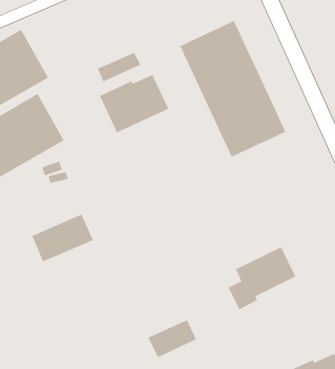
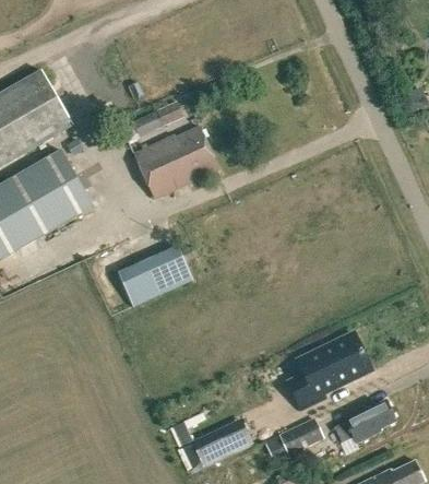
building: [180,20,286,157] -> none
building: [32,214,94,262] -> [119,246,193,304]
building: none -> [335,400,395,441]
building: none -> [264,418,322,453]

